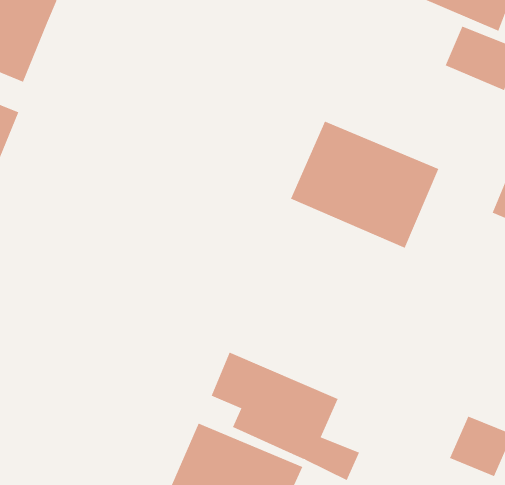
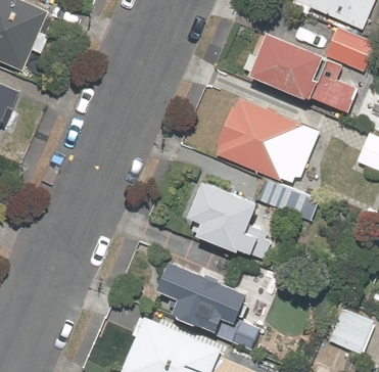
building: none -> [250,35,357,113]
building: none -> [187,180,273,261]

